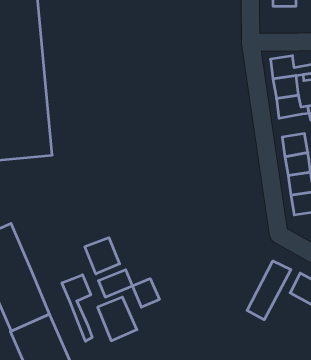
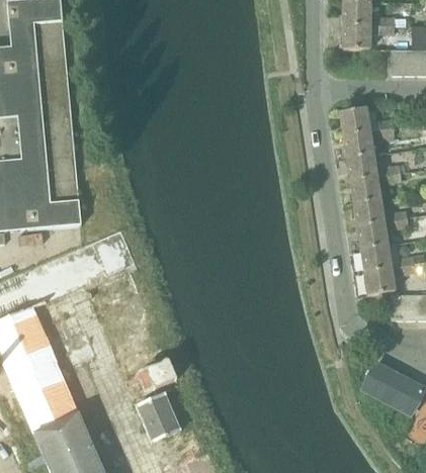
building: none -> [349,176,379,203]
building: [85,238,120,274] -> none
building: [247,261,291,320] -> none
building: [62,275,92,341] -> none
building: [133,279,159,307] -> none

